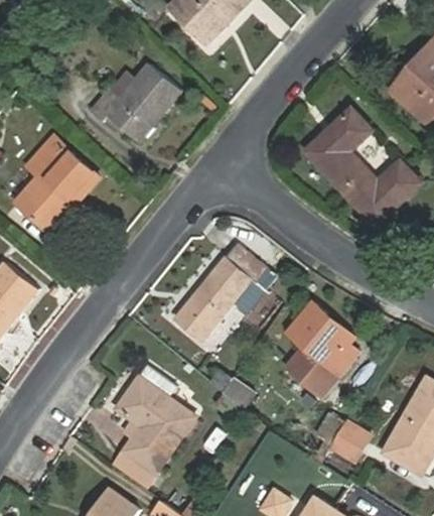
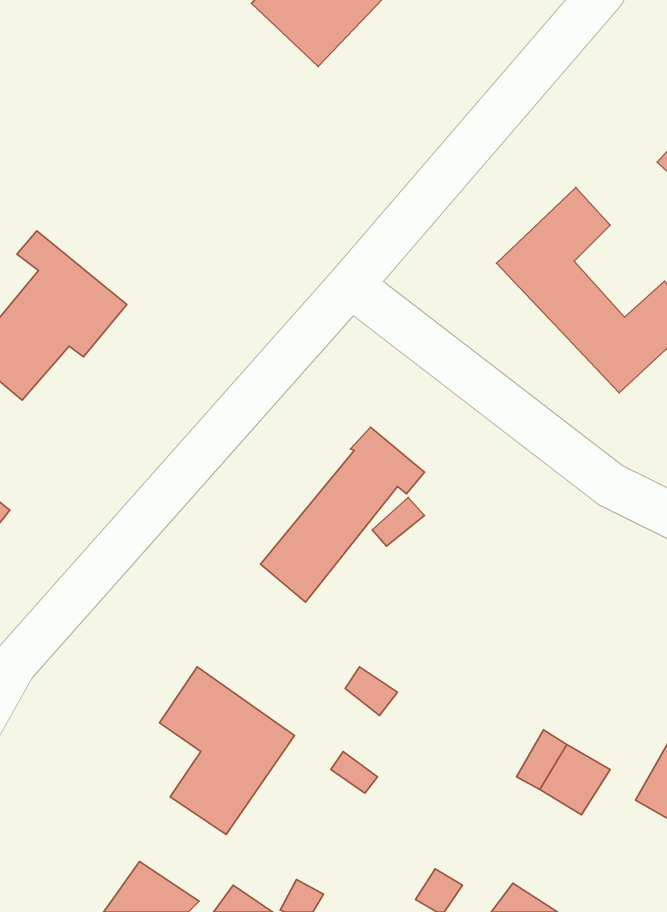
building: [94,62,180,141] -> none
building: [289,303,361,399] -> none
building: [113,450,155,489] -> none

